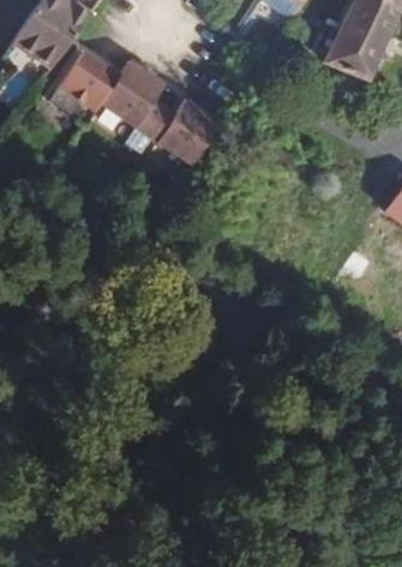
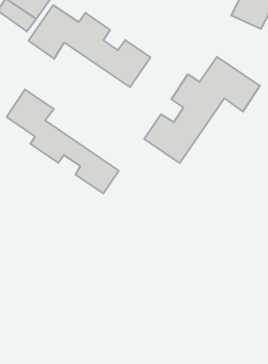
building: none -> [144,57,260,163]
building: none -> [7,89,119,194]

